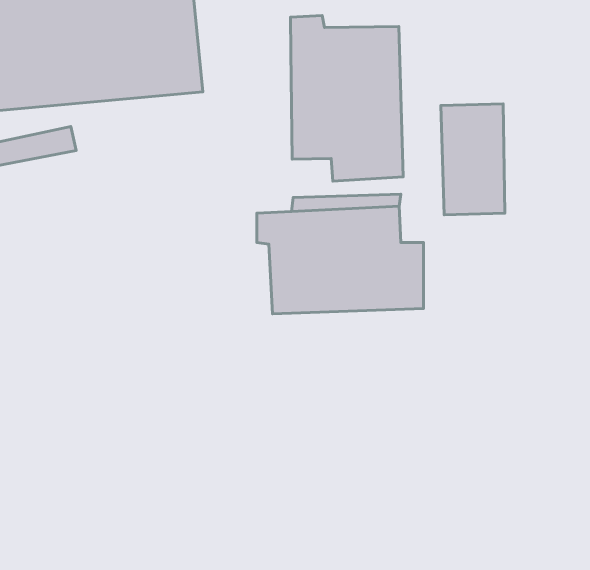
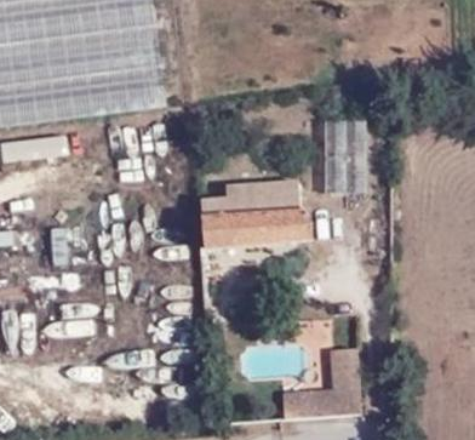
building: [291,15,403,181] -> none
building: none -> [274,347,353,421]

